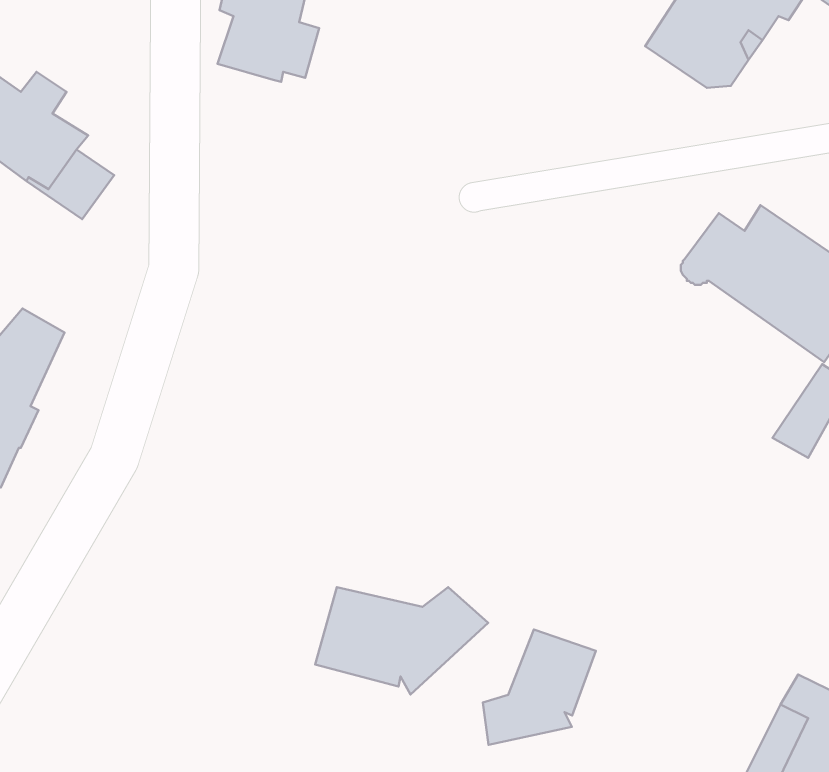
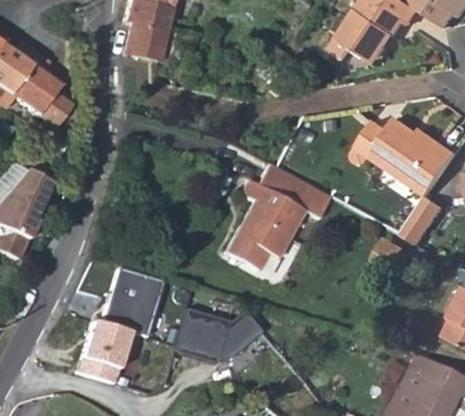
building: none -> [229,164,331,271]
building: none -> [76,271,160,377]
building: [483,630,596,745] -> none

